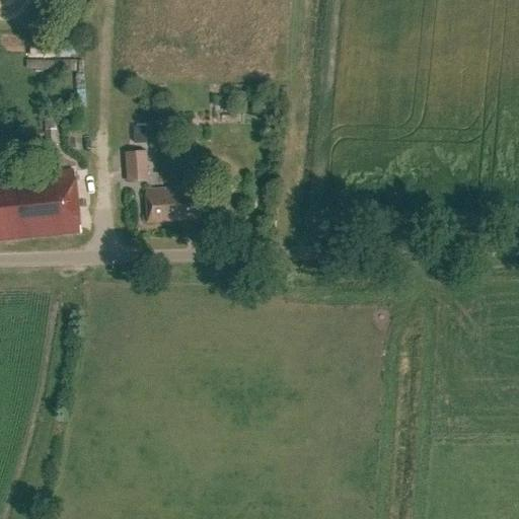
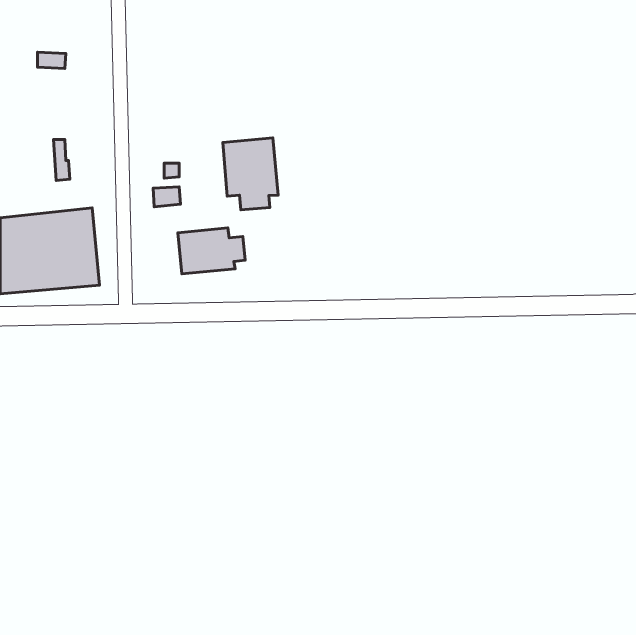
building: none -> [223,138,278,210]

